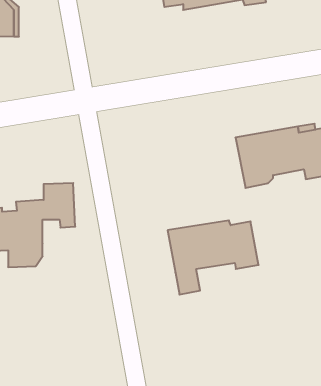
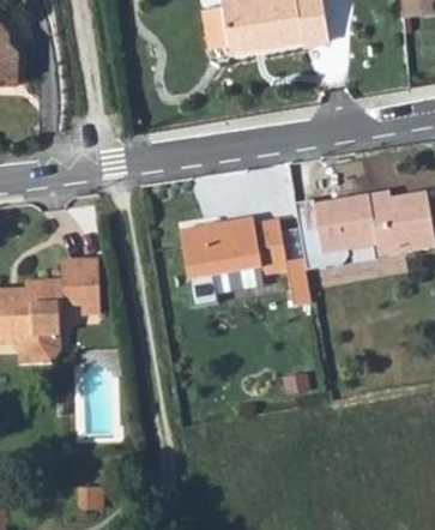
building: [168,220,259,295] -> [177,216,288,306]

